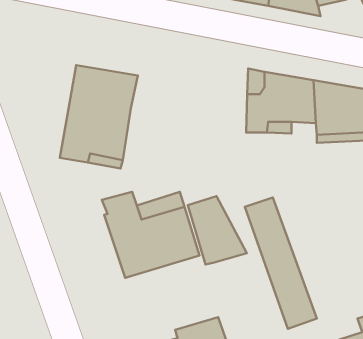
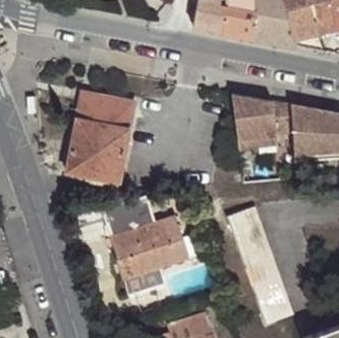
building: [188,196,247,265] -> none

